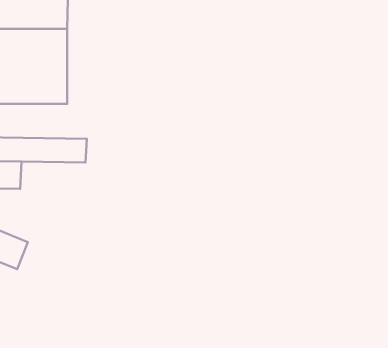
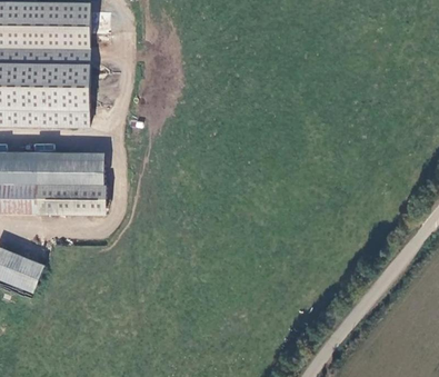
building: none -> [38,181,107,211]

